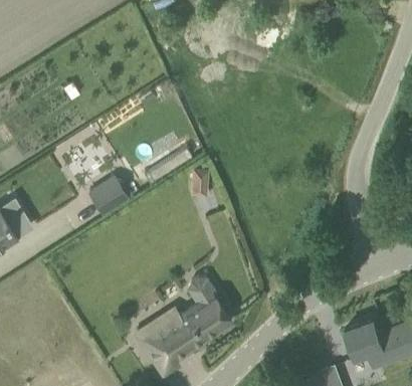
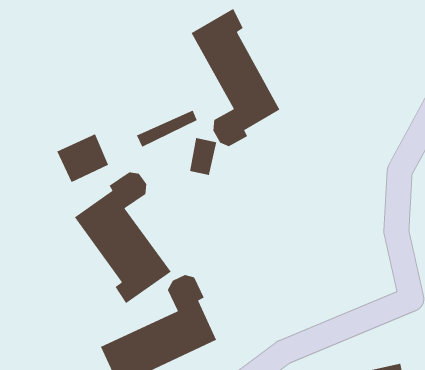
building: none -> [191,8,281,147]
building: none -> [74,171,172,304]

